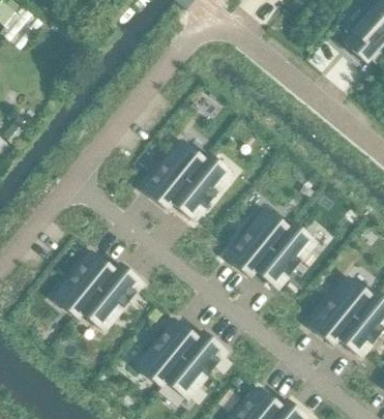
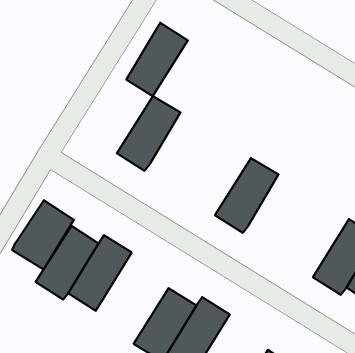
building: [169,151,231,218] -> [126,23,188,96]
building: [253,220,316,288] -> none
building: none -> [12,200,74,270]

